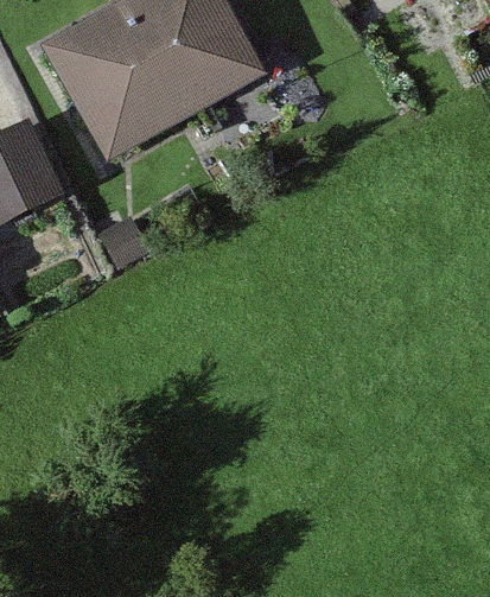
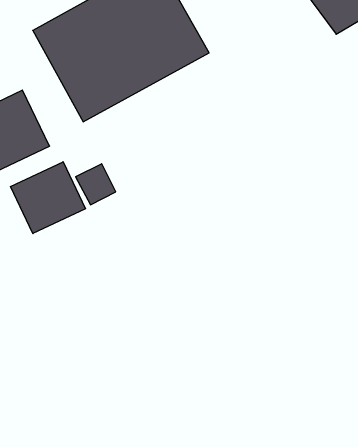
building: none -> [10,162,86,234]

